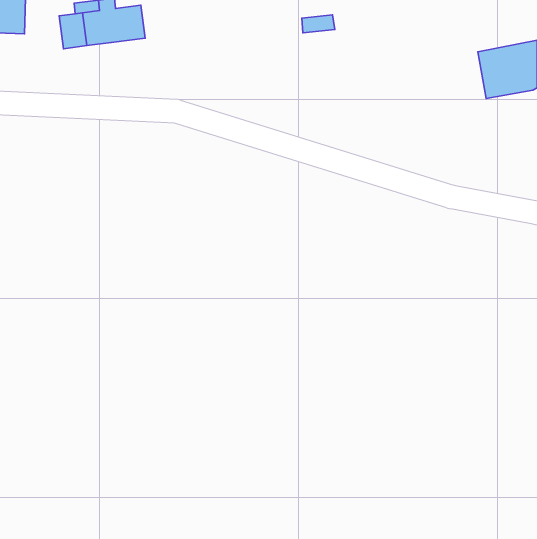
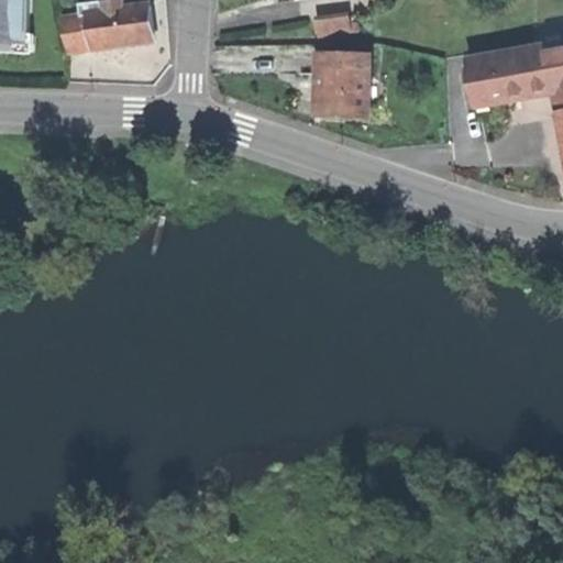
building: none -> [316,54,366,117]
building: none -> [466,54,505,108]

